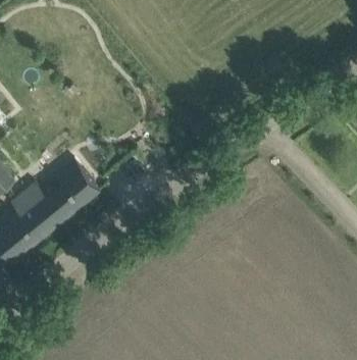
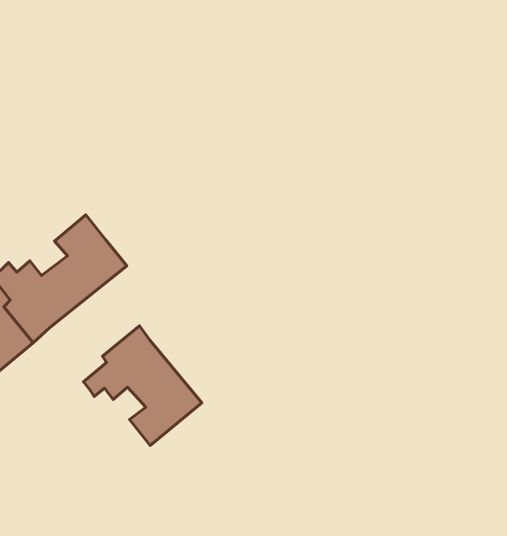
building: none -> [84,326,202,446]

